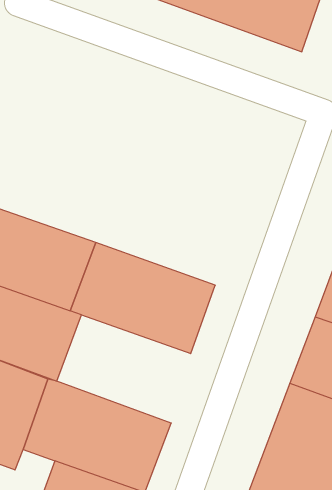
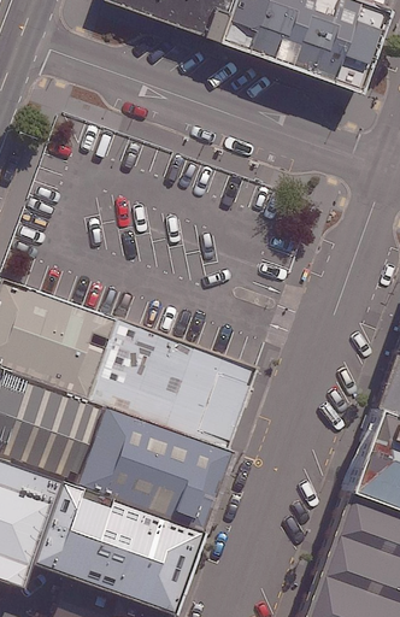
building: none -> [72,404,236,531]

